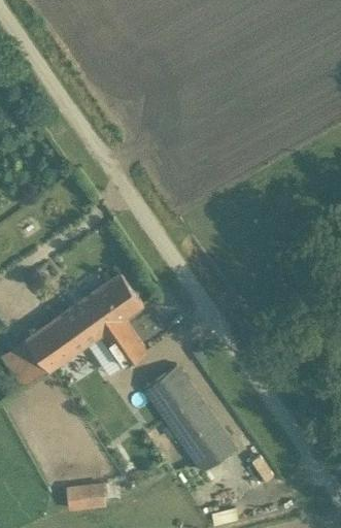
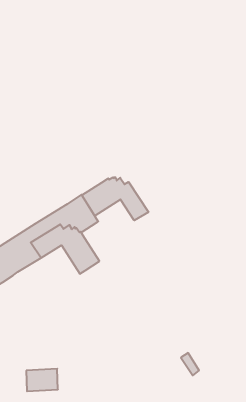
building: none -> [82,177,148,220]
building: [145,365,237,471] -> none

